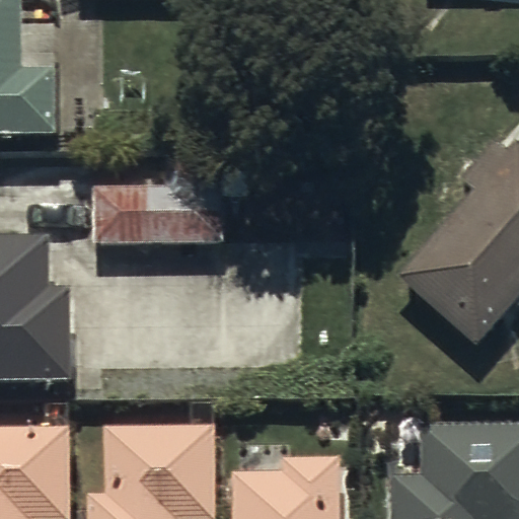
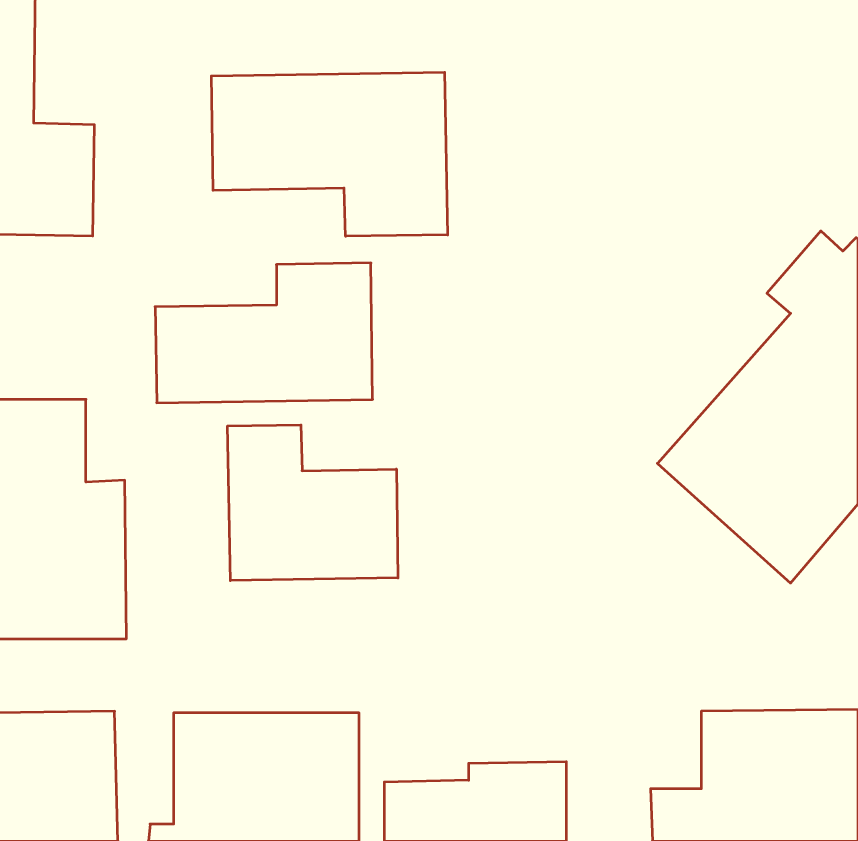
building: none -> [211,72,448,236]
building: none -> [228,425,398,581]

